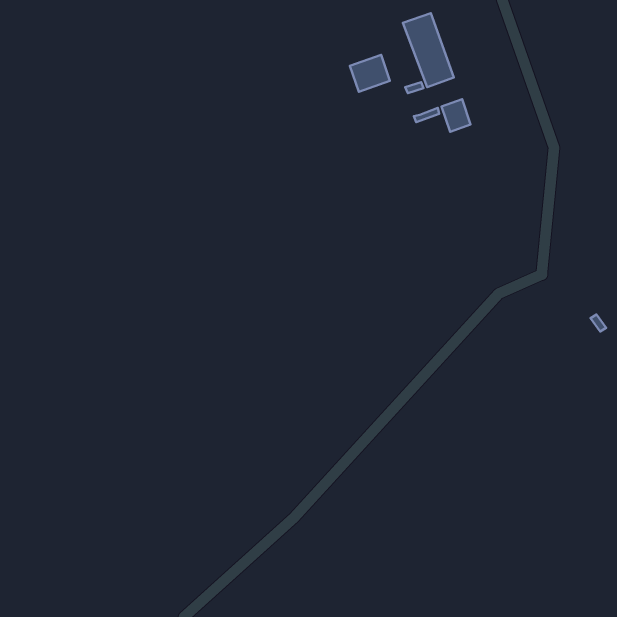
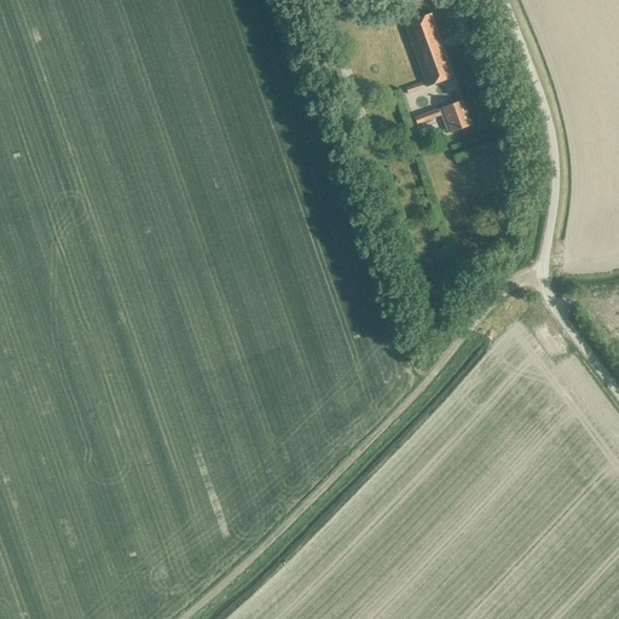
building: [350,55,390,92] -> none

